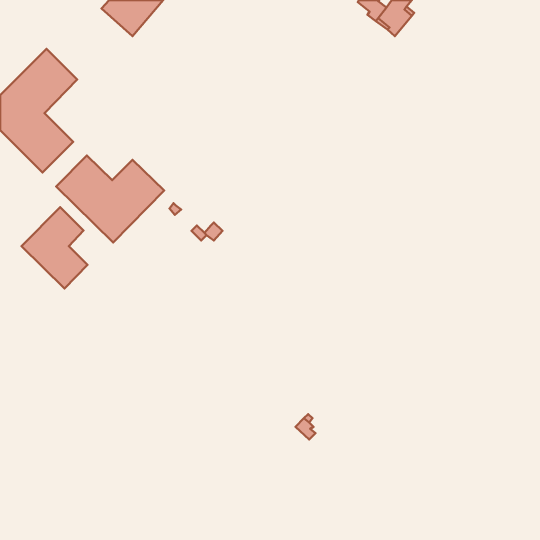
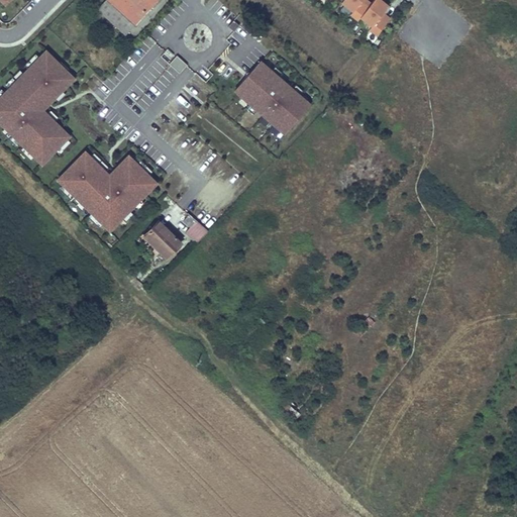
building: none -> [236,63,309,132]
building: [22,207,87,288] -> none
building: none -> [144,223,181,258]

